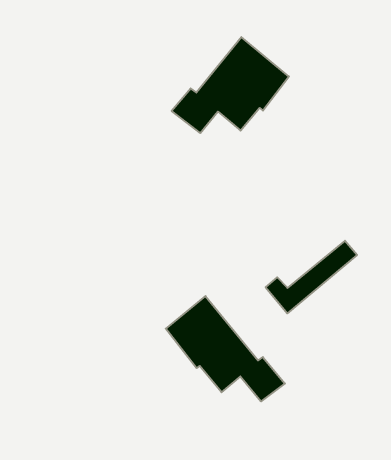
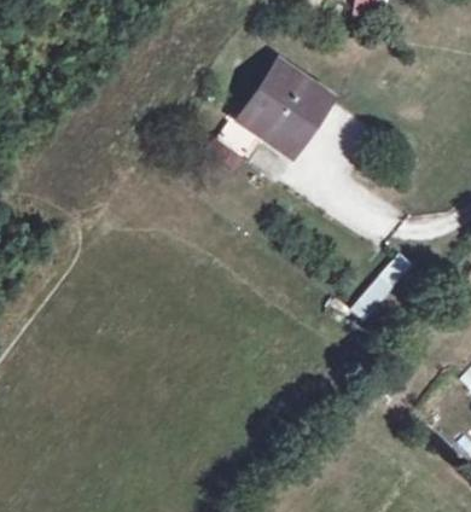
building: [166,296,285,401] -> none

